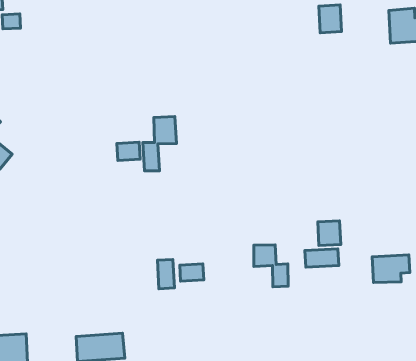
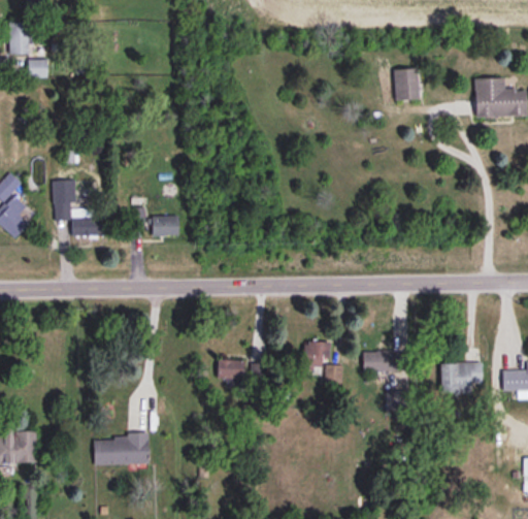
building: none -> [54,180,106,236]
building: [143,116,176,171] -> none
building: [318,221,341,246] -> none
building: [157,259,175,289] -> none

